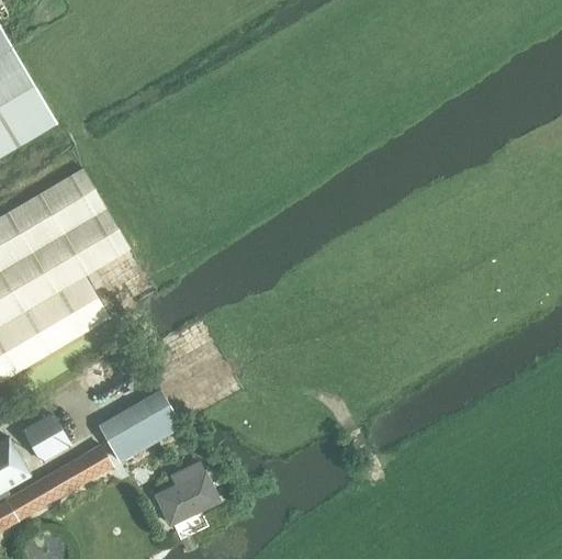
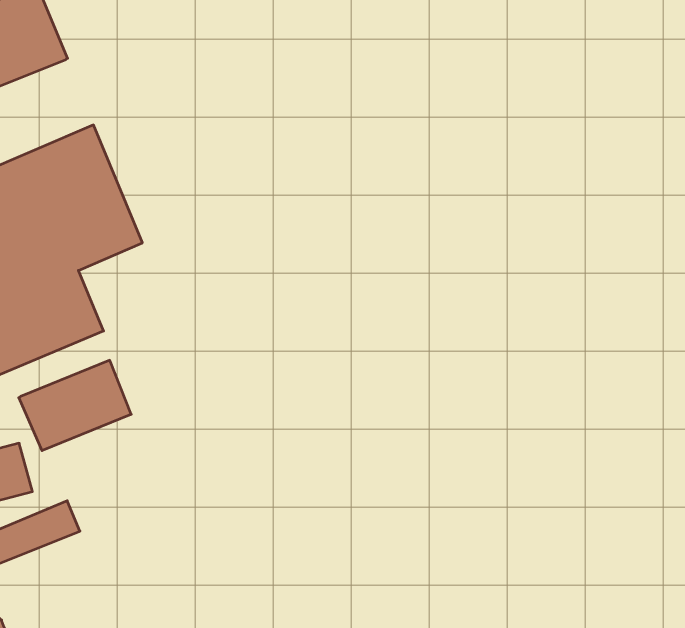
building: [94,392,178,465] -> [19,360,131,451]
building: [151,461,220,527] -> none

